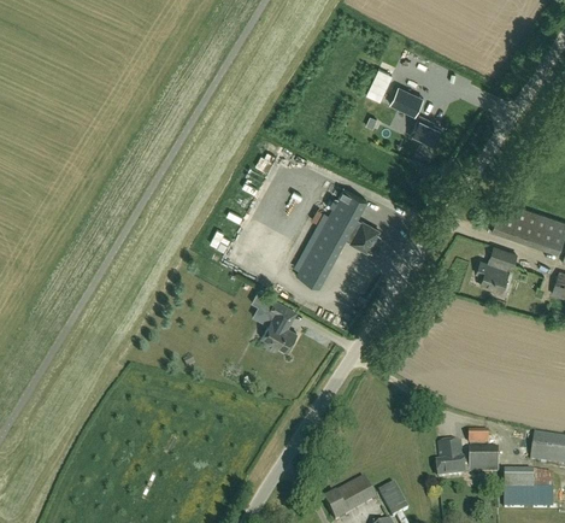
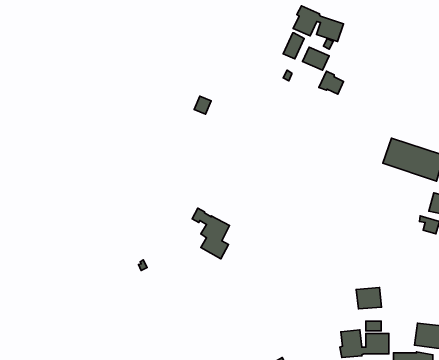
building: none -> [293,6,343,42]
building: [296,188,379,288] -> none
building: [477,247,517,292] -> none
building: none -> [356,287,382,309]

